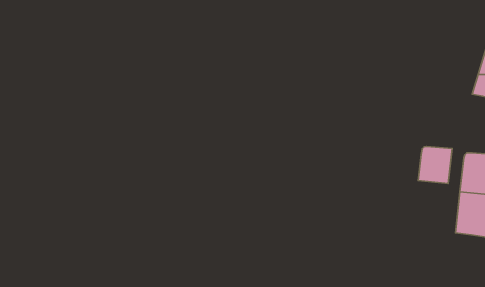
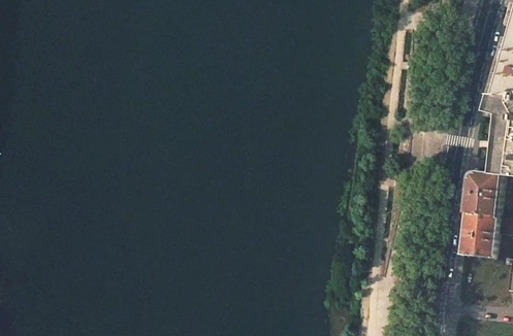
building: [418,146,452,183] -> none

